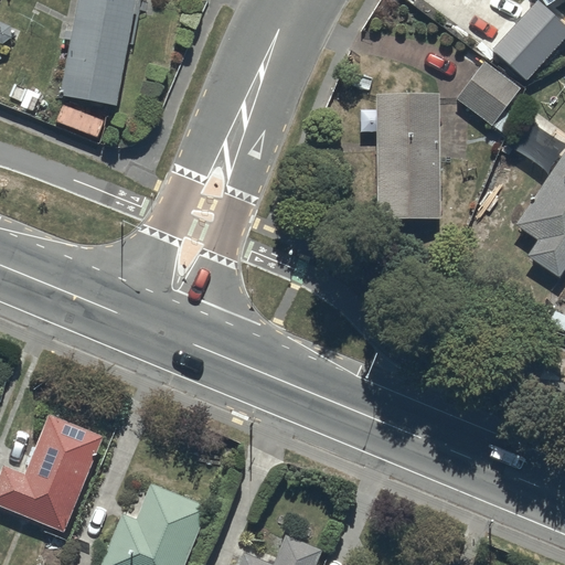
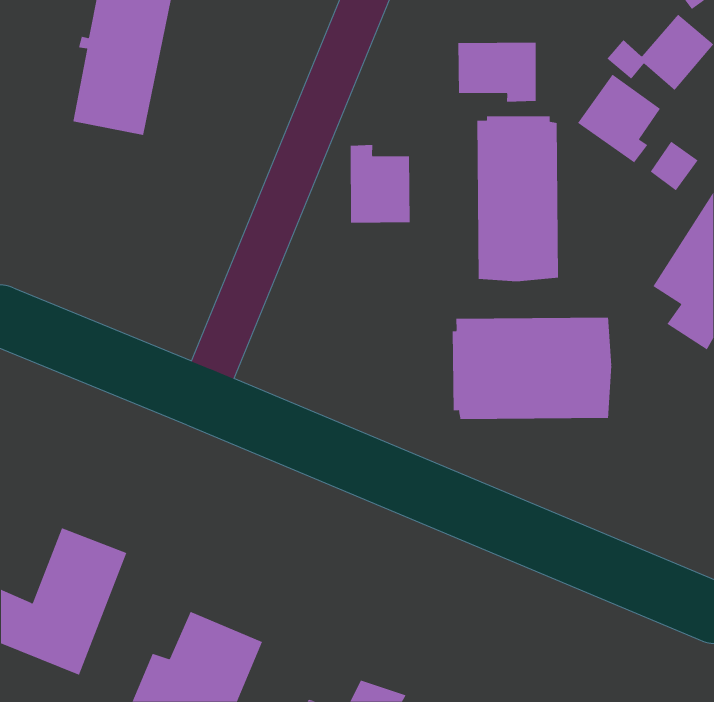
building: none -> [458,42,536,103]
building: none -> [350,144,410,223]
building: none -> [452,317,612,420]

